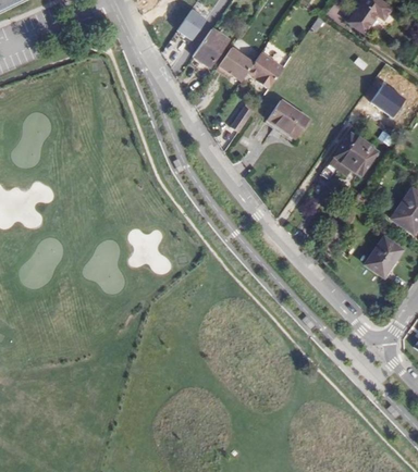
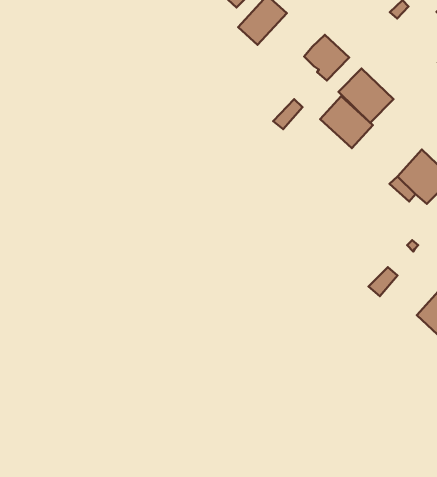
building: [217,47,254,79] -> none
building: none -> [338,68,393,123]

